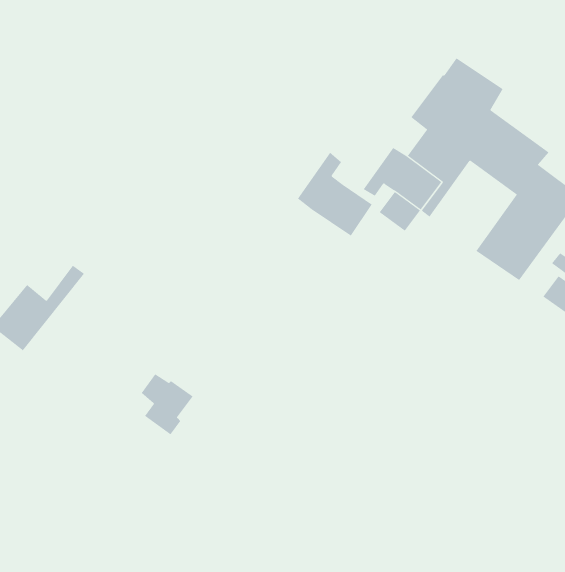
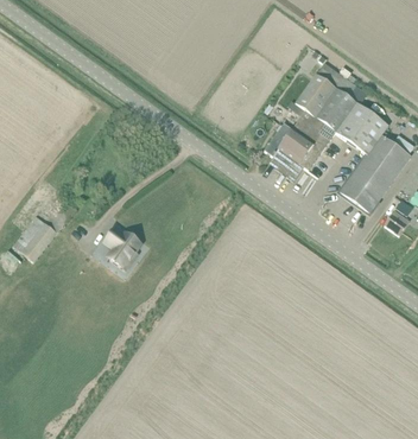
building: [297,152,373,236] -> none
building: [141,374,194,435] -> [107,227,142,268]

